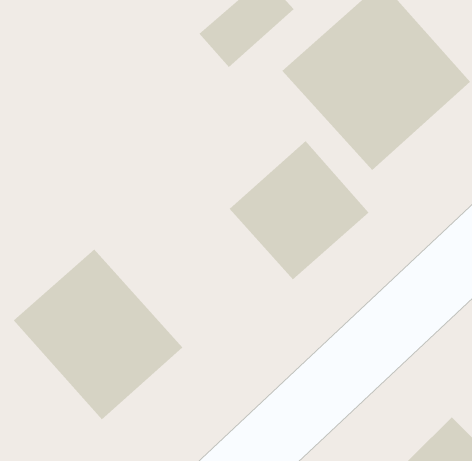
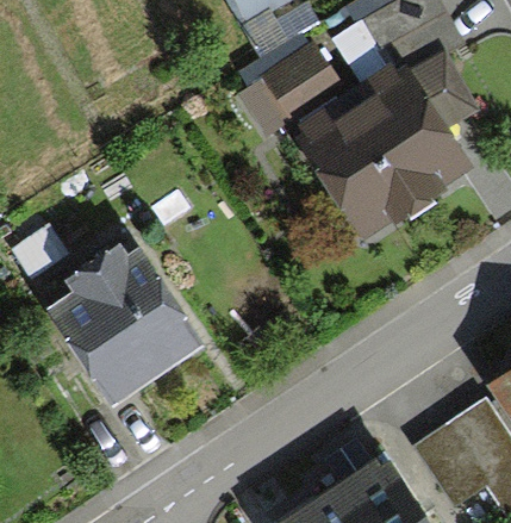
building: [229,140,369,280] -> none

